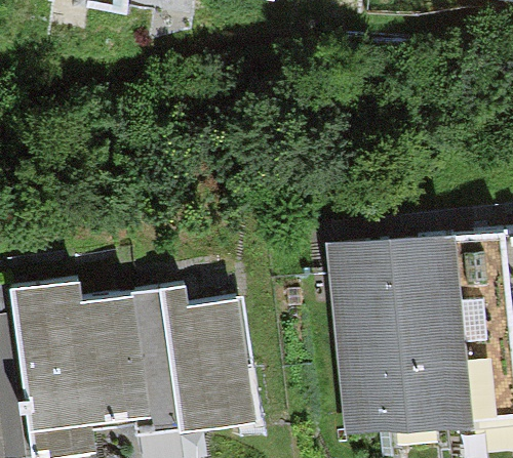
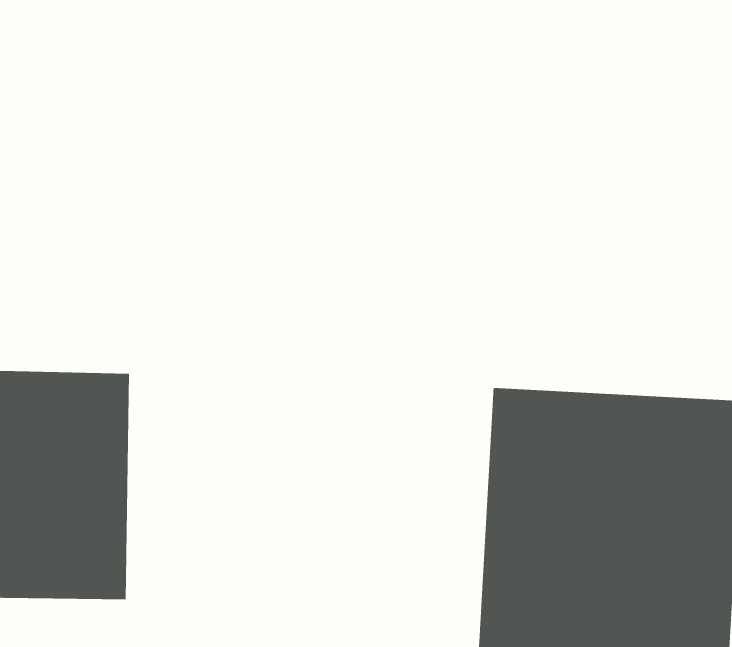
building: [118,292,237,435] -> none

